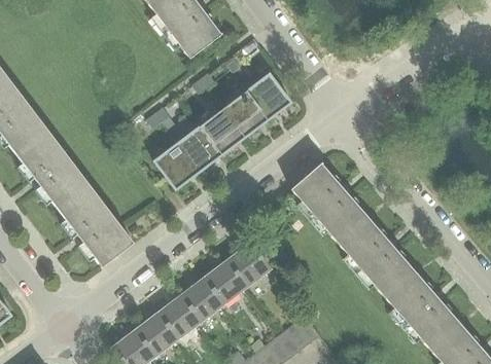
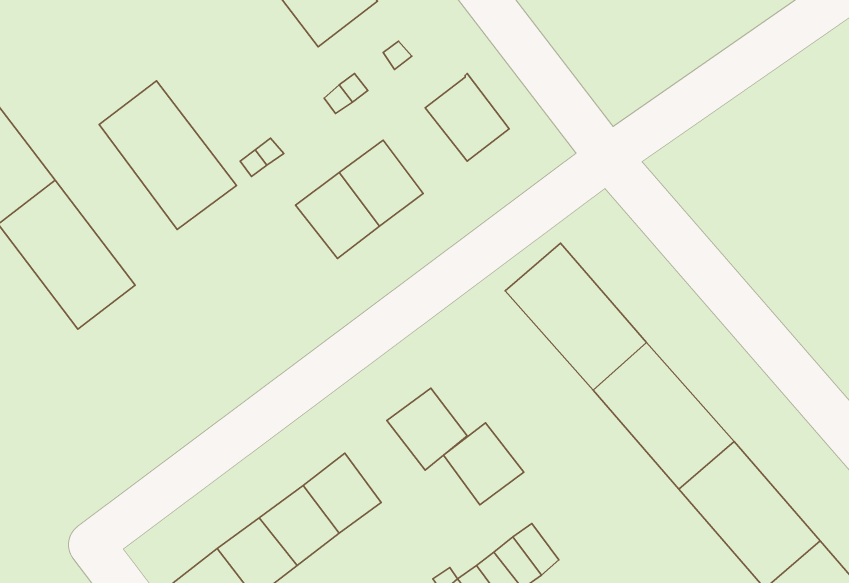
building: [225,90,271,137] -> none
building: [155,143,201,190] -> none
building: [61,186,135,266] -> [99,81,236,230]
building: [205,259,248,303] -> [444,423,524,505]

